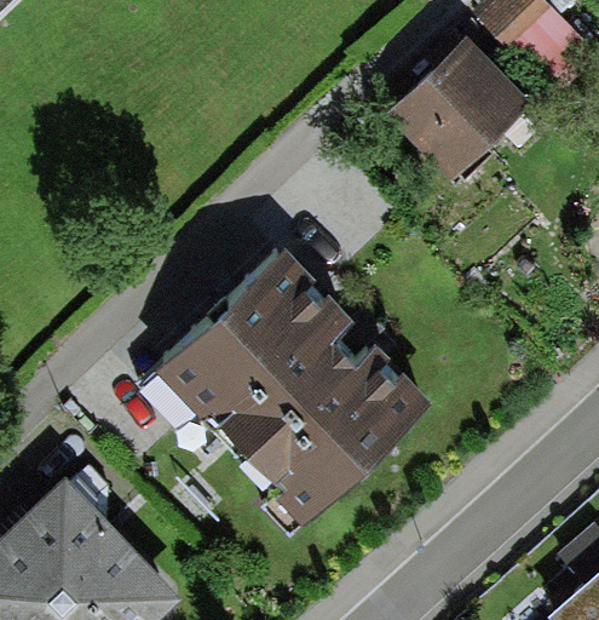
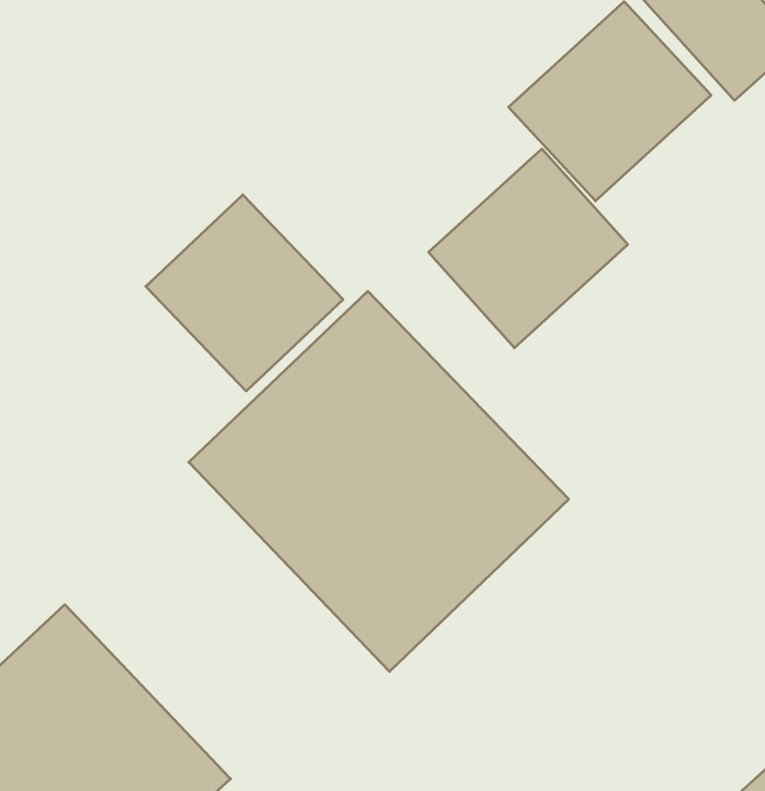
building: none -> [429,149,628,348]
building: none -> [146,195,343,391]

